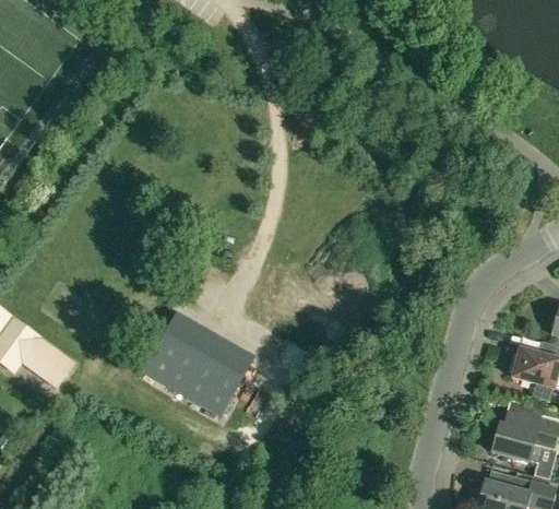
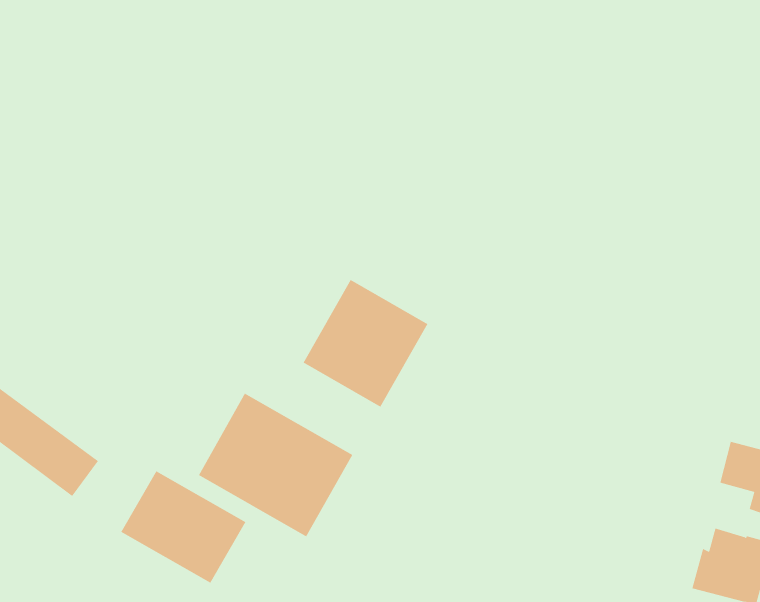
building: none -> [303,279,428,407]
building: none -> [120,470,246,584]

